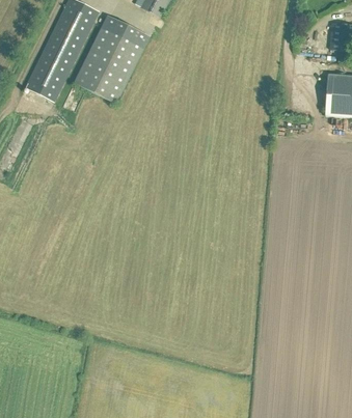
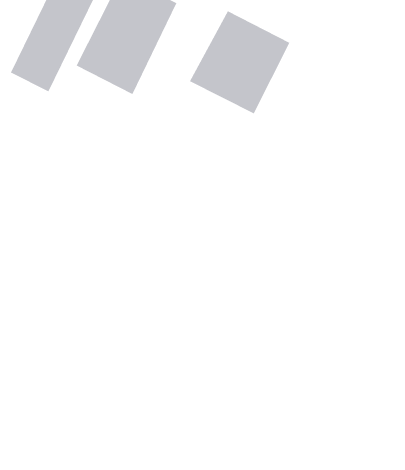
building: none -> [189,10,291,114]

